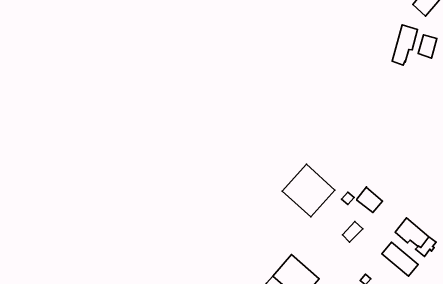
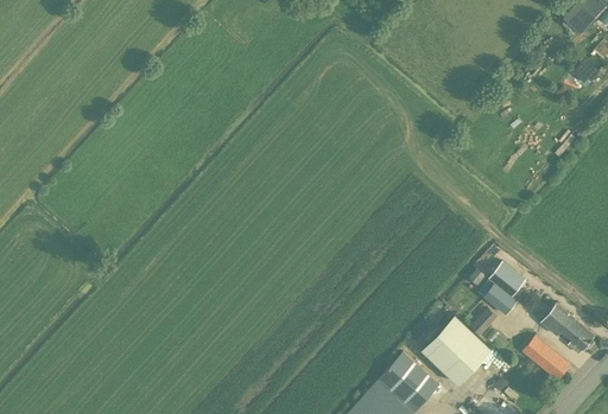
building: [392,25,418,65] -> none
building: [282,164,335,217] -> [420,313,490,383]
building: none -> [480,279,517,313]

